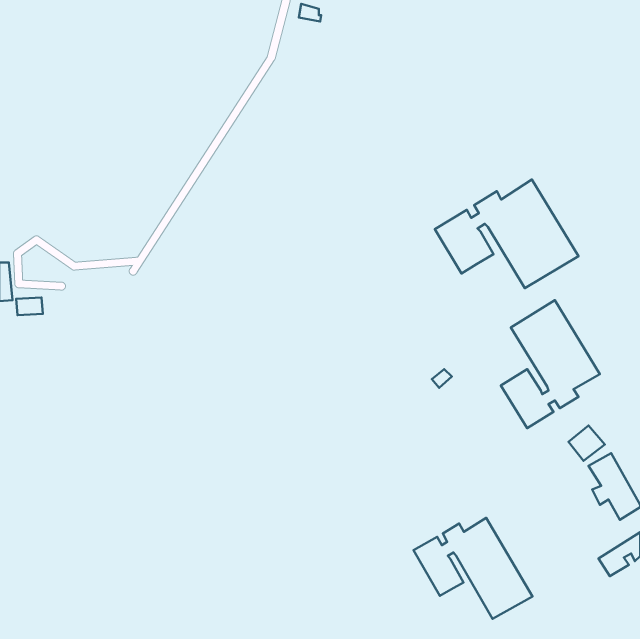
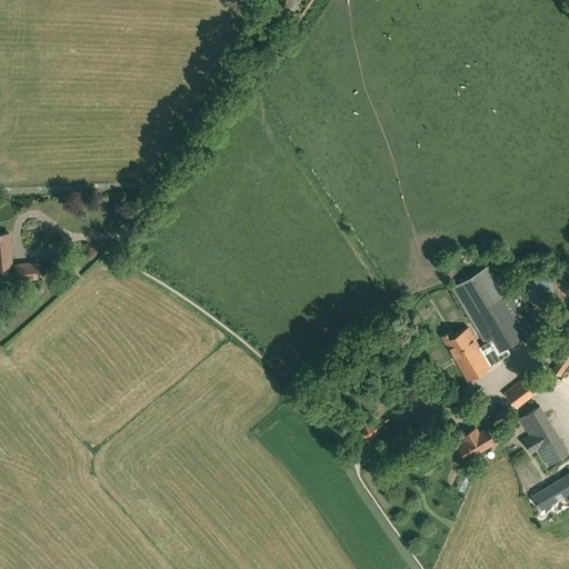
building: [435,180,579,288] -> none
building: none -> [458,430,493,461]
building: [414,518,532,619] -> none

